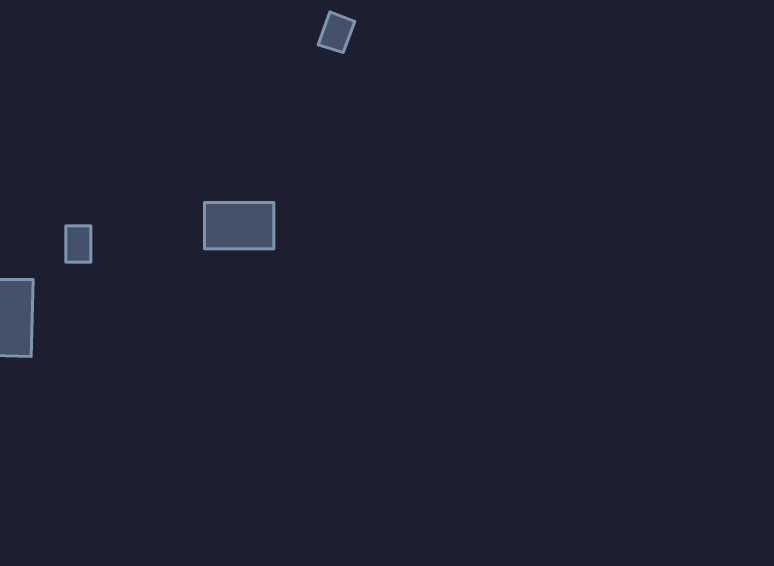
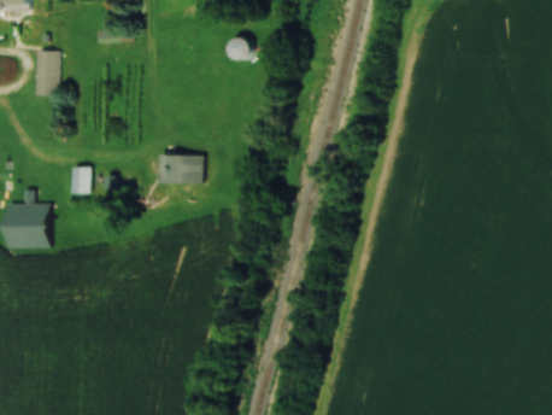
building: none -> [36,48,58,89]

